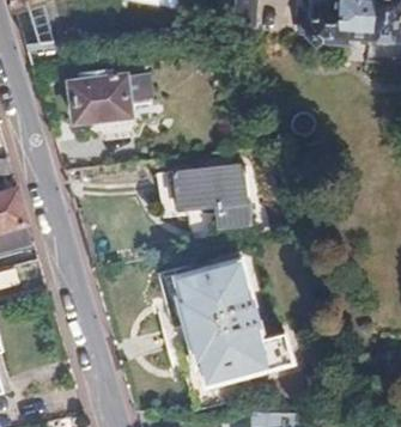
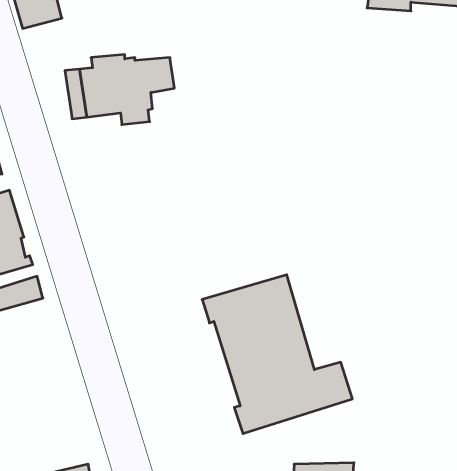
building: [184,161,260,225] -> none

